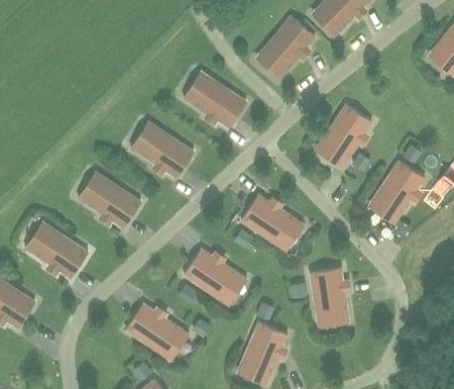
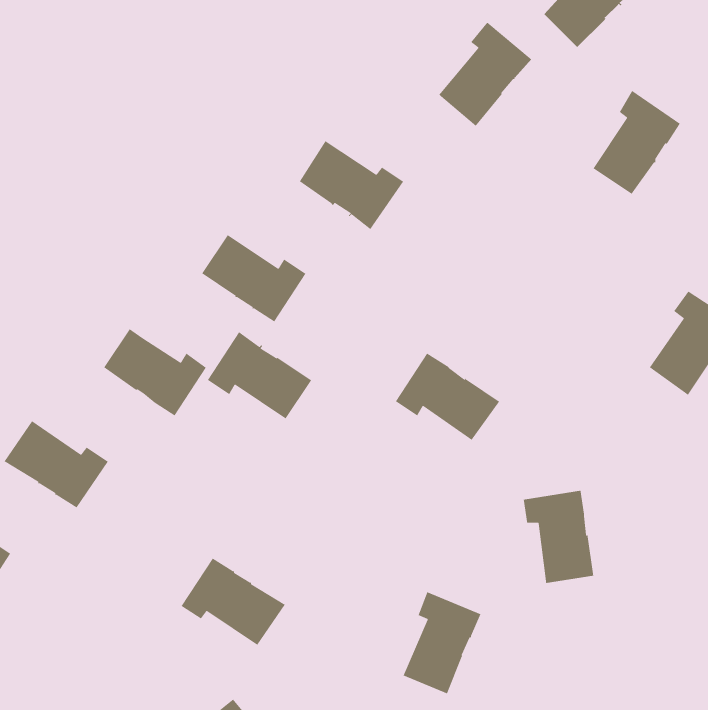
building: [323,104,370,161] -> [592,90,681,195]
building: [183,249,239,296] -> [207,331,312,419]

